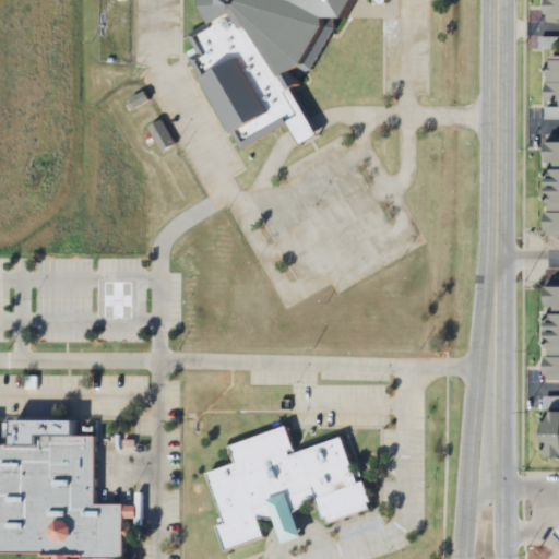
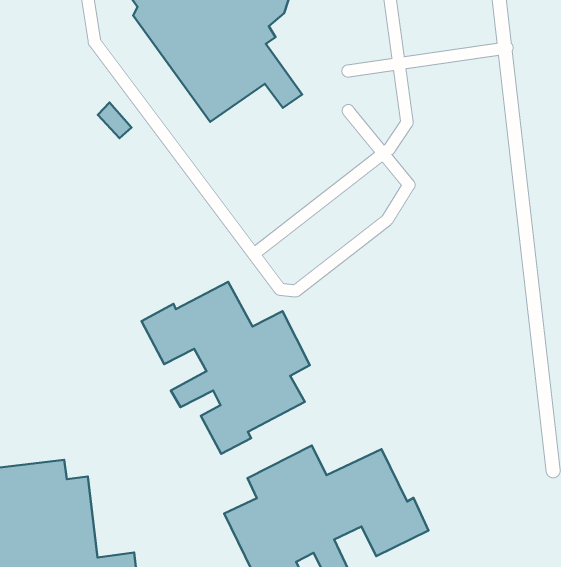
building: none -> [142,282,310,454]

